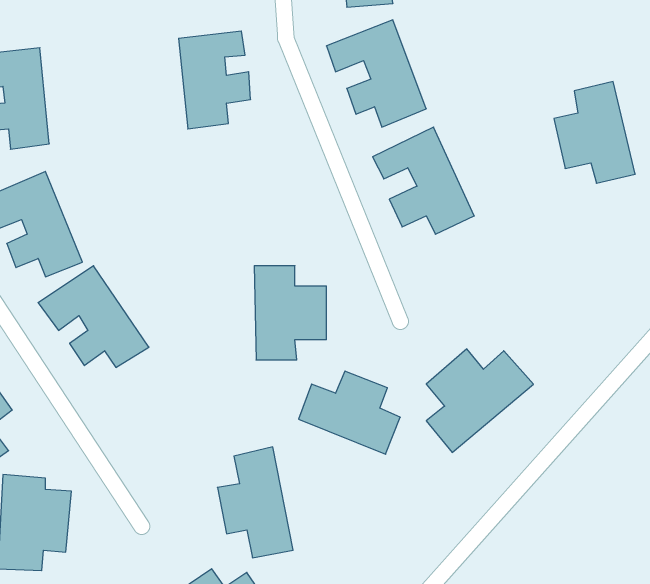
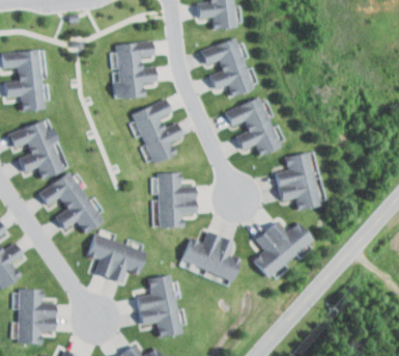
building: [554,82,635,183] -> [276,152,321,209]
building: none -> [131,99,183,164]
building: none -> [86,235,142,282]

